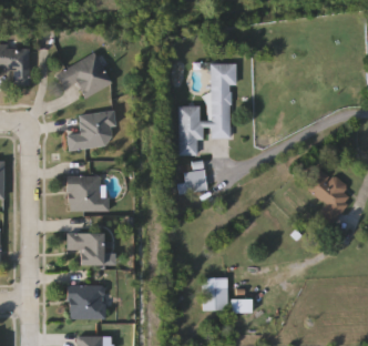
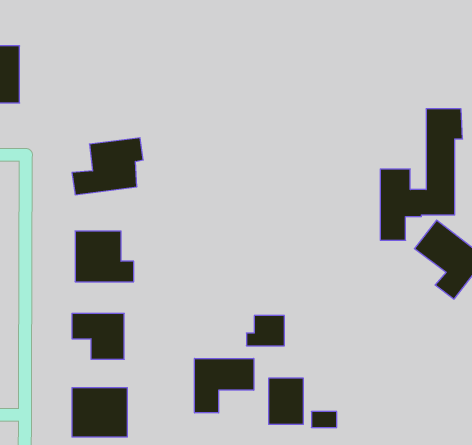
building: [55,53,111,98] -> none
building: [178,63,236,155] -> [380,109,463,240]
building: [178,171,205,192] -> [246,316,284,346]
building: none -> [195,358,254,413]

